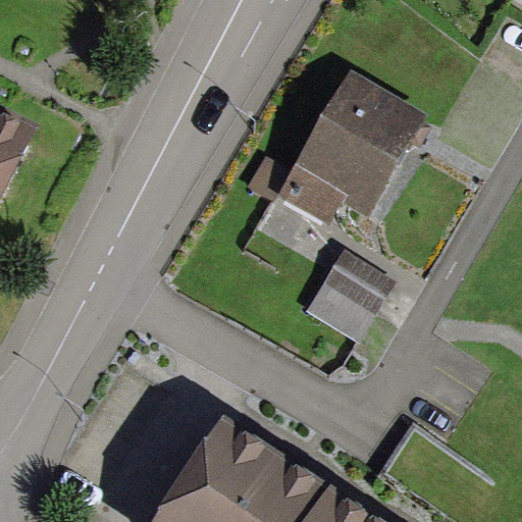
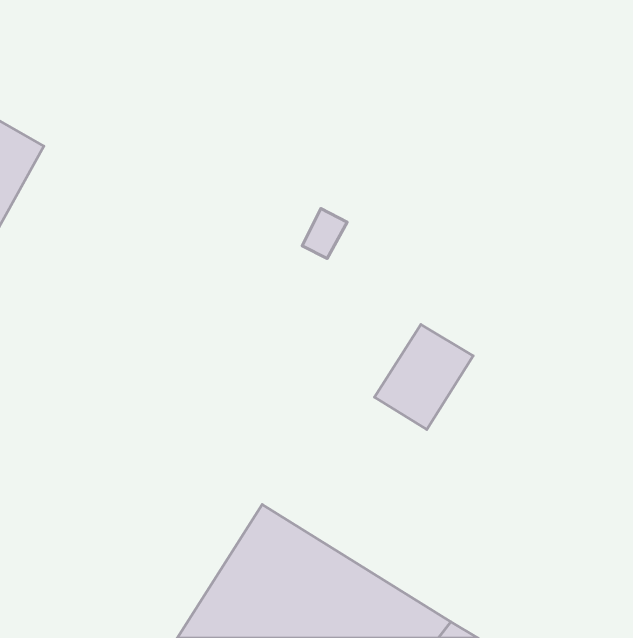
building: [279,94,417,244] -> none

